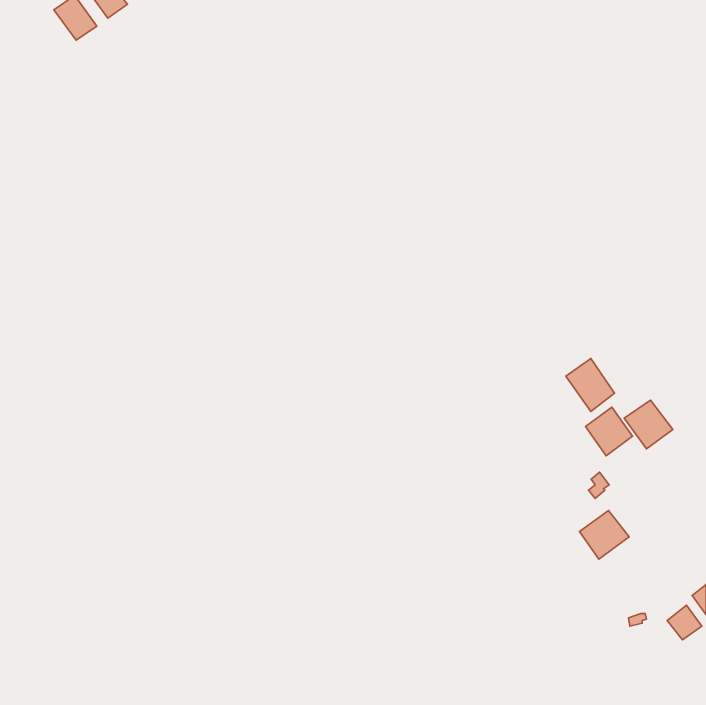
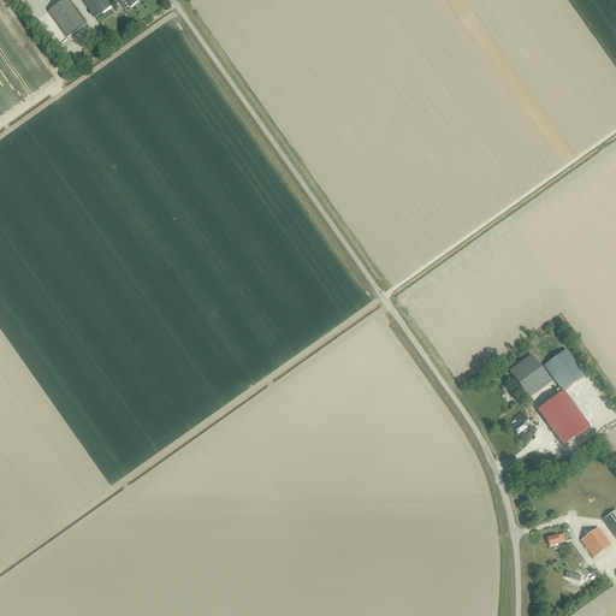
building: [566,359,615,411] -> none
building: [579,511,629,559] -> [545,402,588,444]

